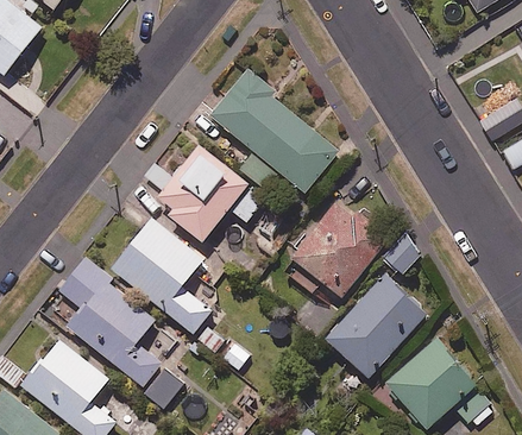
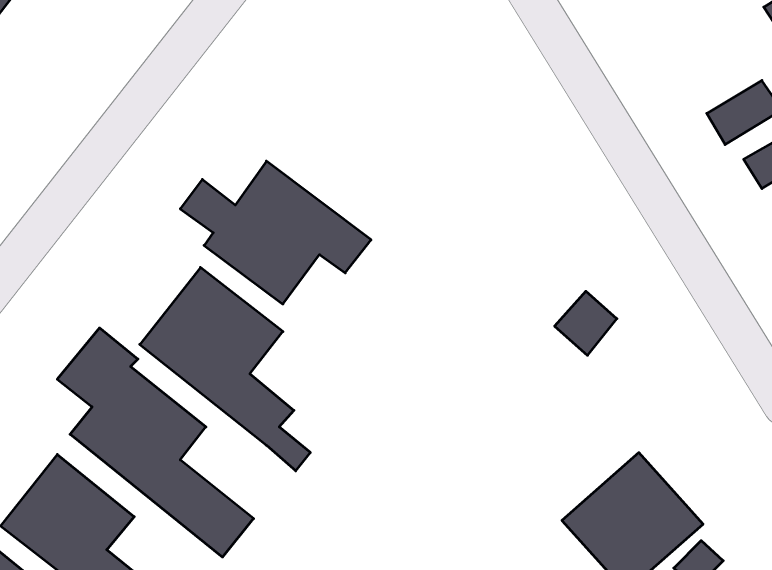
building: [209,68,339,193] -> none
building: [291,201,391,297] -> none
building: [326,275,426,377] -> none

